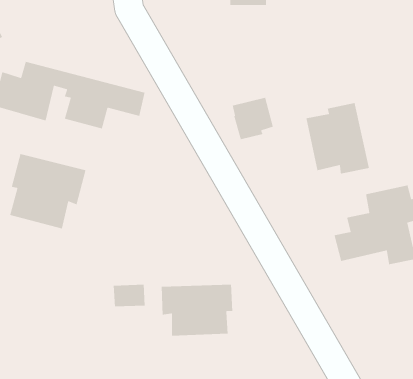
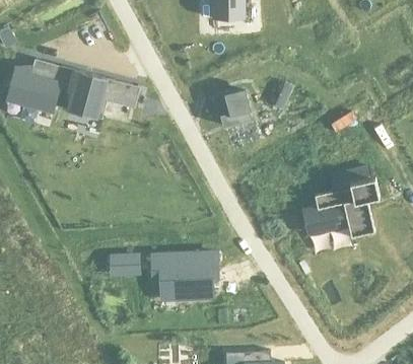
building: [306,102,370,175] -> none
building: [9,153,87,230] -> none

